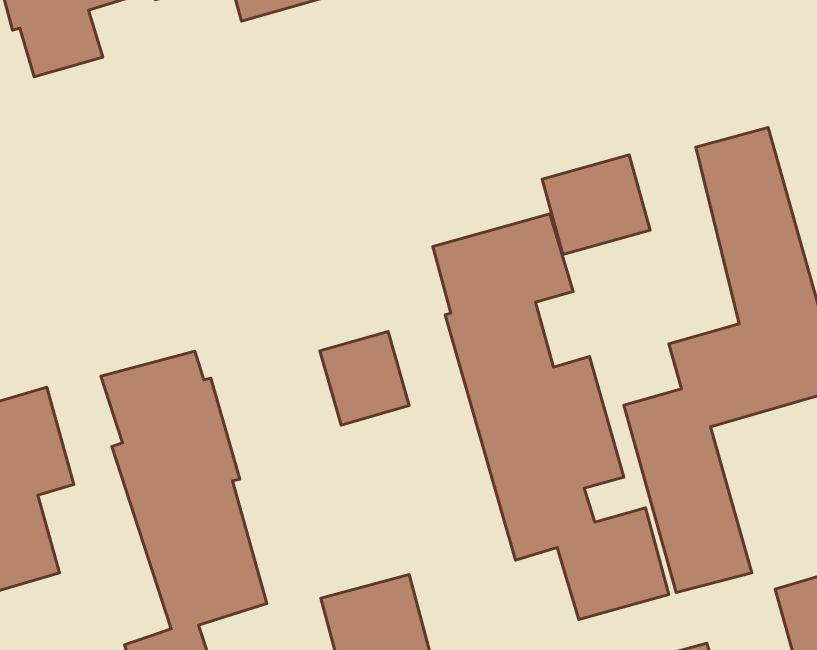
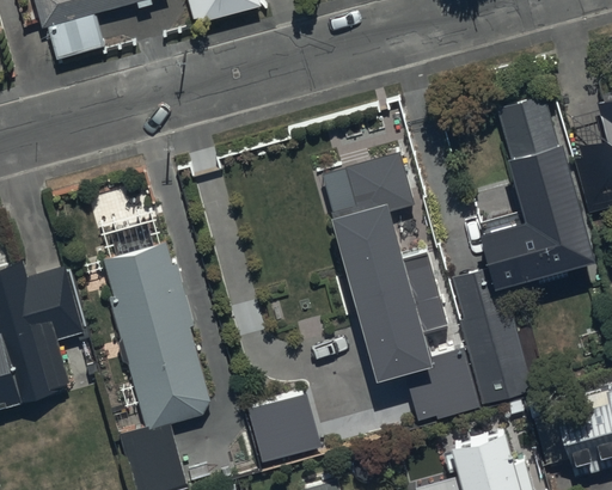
building: [542,155,650,254] -> none
building: [320,331,409,425] -> none

